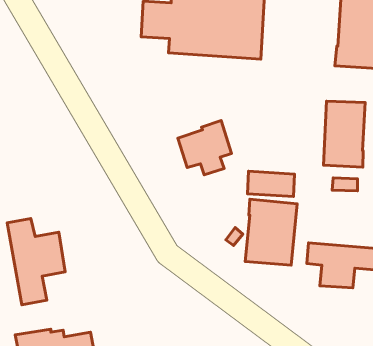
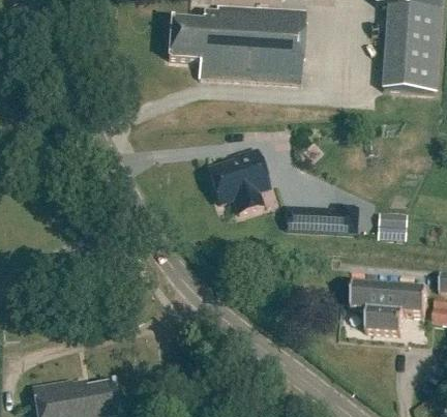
building: [324,101,365,167] -> none
building: [245,199,297,265] -> none
building: [7,218,65,305] -> none

